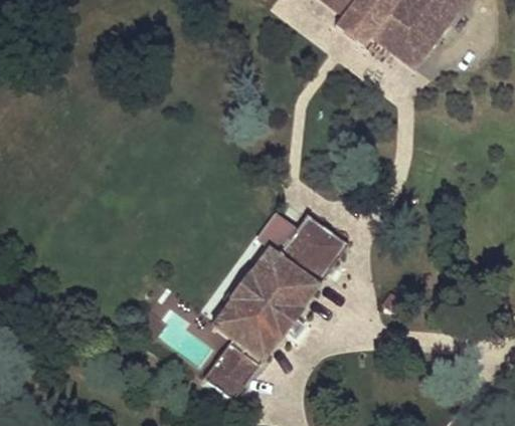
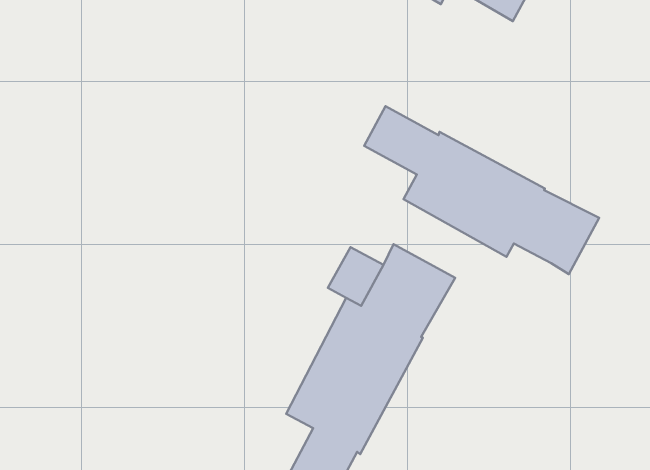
building: none -> [364,106,599,274]

